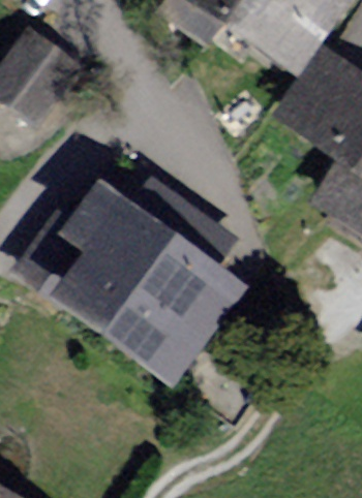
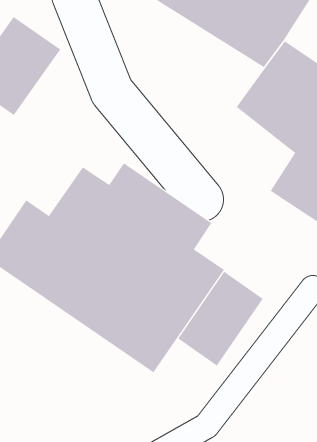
building: none -> [178,271,263,366]

